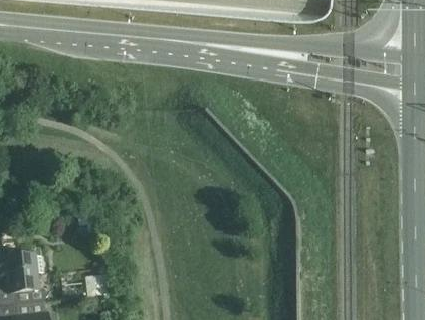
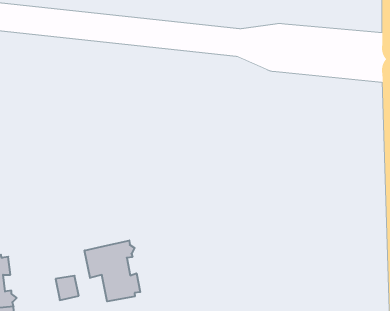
building: none -> [85,240,140,301]

